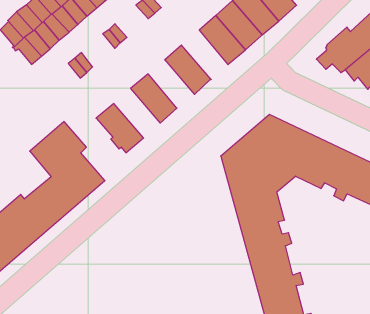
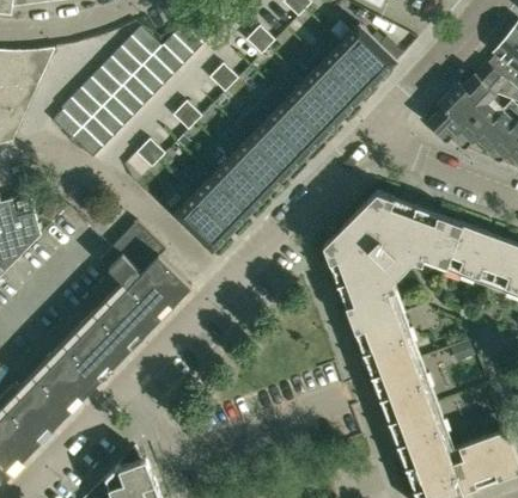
building: none -> [266,100,322,156]
building: none -> [230,139,286,193]
building: none -> [193,176,249,232]

